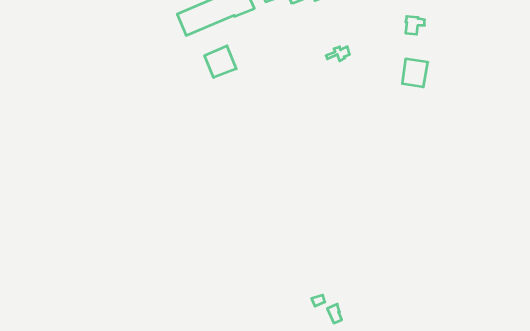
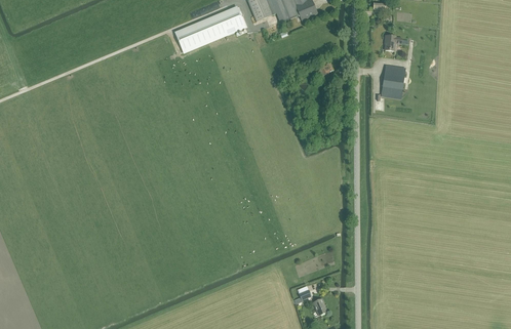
building: [205,46,236,78] -> none

